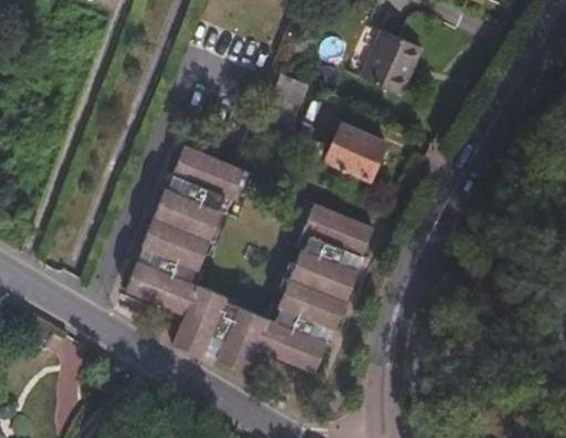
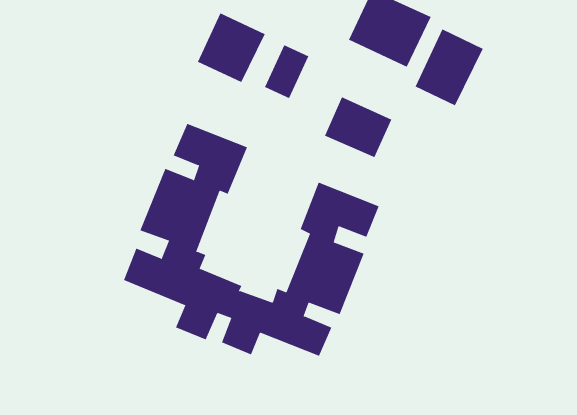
building: none -> [197,12,265,83]
building: none -> [415,29,484,106]

